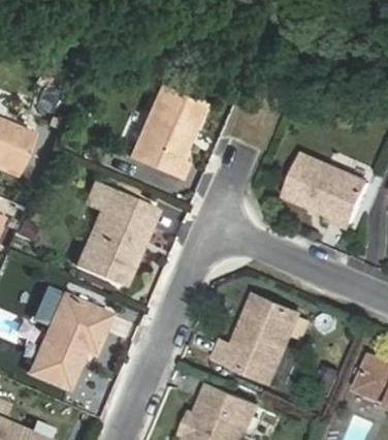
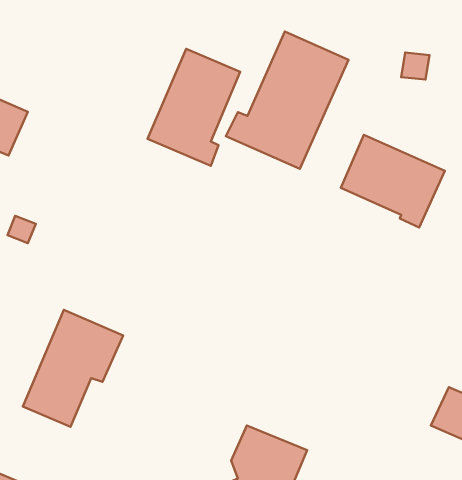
building: none -> [226,31,348,169]
building: [76,188,156,286] -> none
building: [216,295,300,382] -> none

